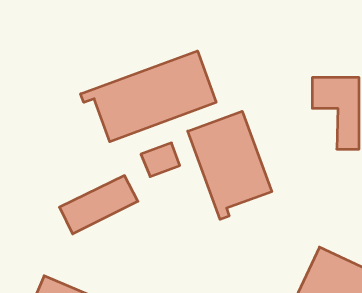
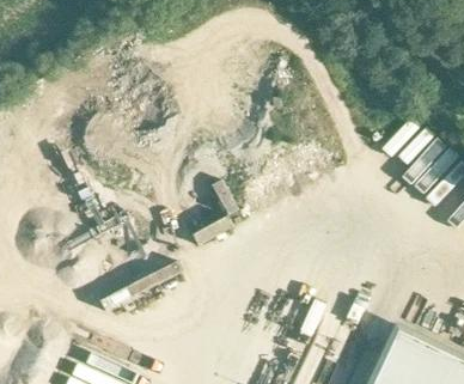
building: [81,51,216,142] -> none
building: [188,111,272,219] -> none

